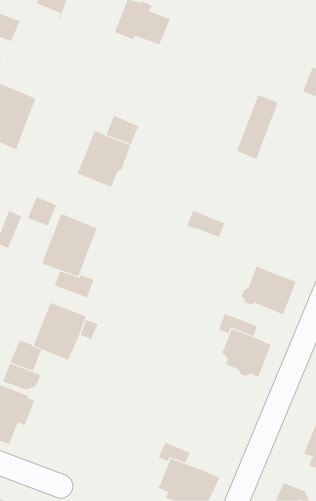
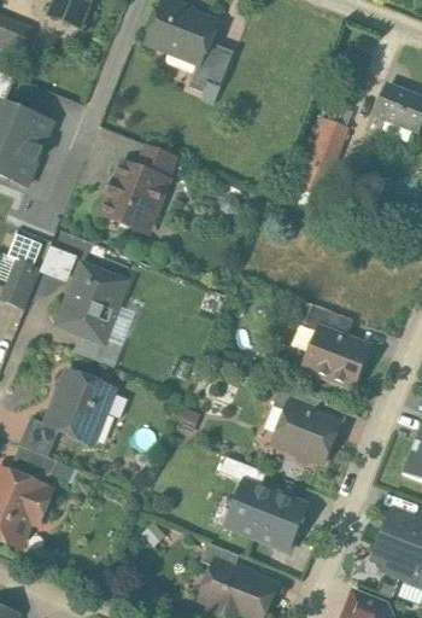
building: none -> [189,45,233,88]
building: [186,210,225,238] -> [305,303,352,337]
building: none -> [224,479,305,549]

